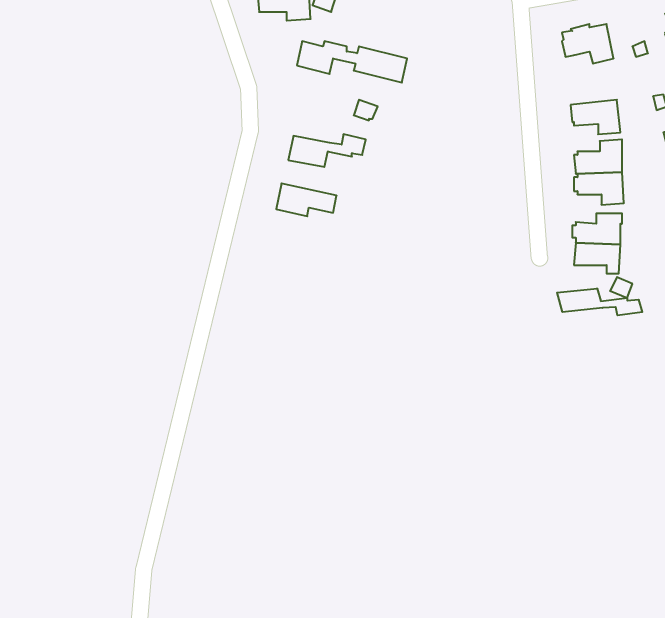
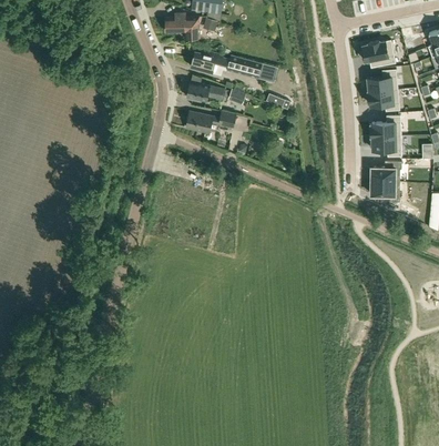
building: none -> [368,69,398,92]
building: [276,183,337,216] -> [187,81,226,102]
building: [557,288,642,315] -> none

